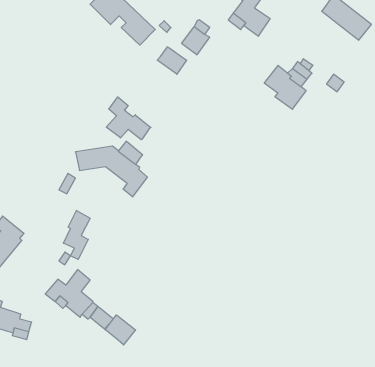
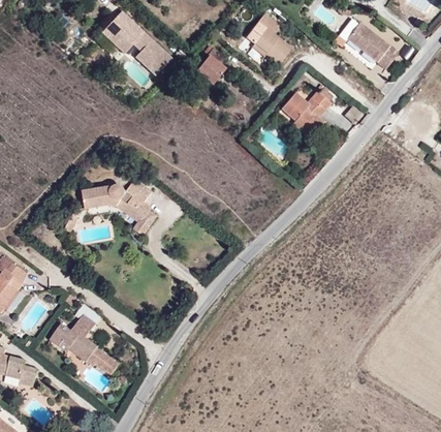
building: [157,47,187,74] -> none
building: [106,97,151,140] -> none
building: [63,210,90,259] -> none
building: [105,315,136,345] -> none

